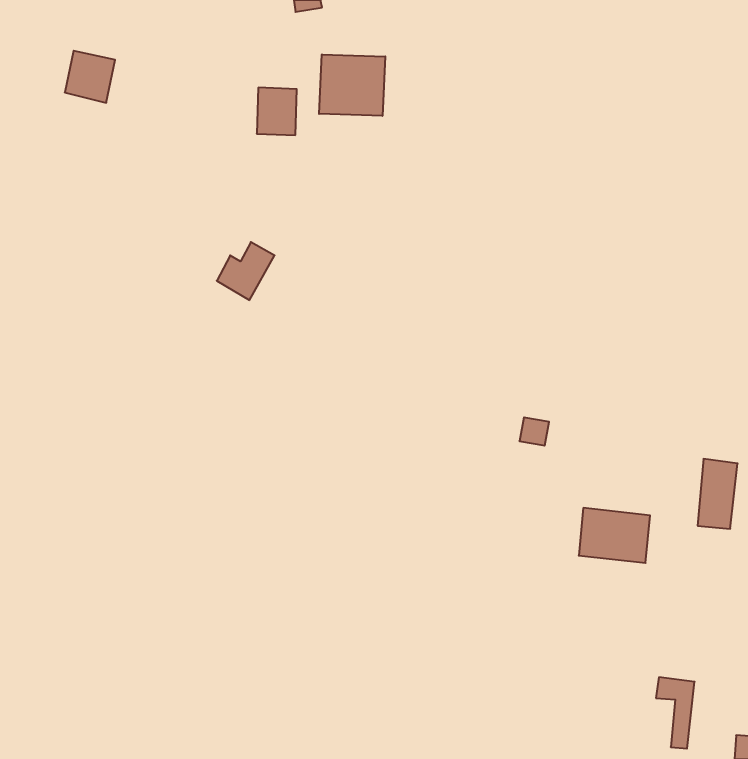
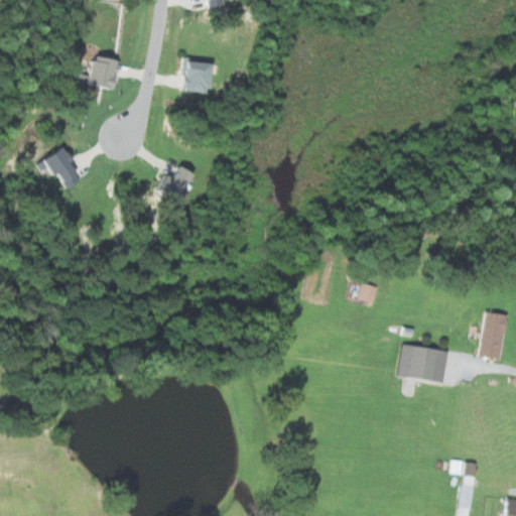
building: [65,51,115,103] -> [85,54,119,90]
building: [319,54,385,116] -> none
building: none -> [43,143,81,189]

